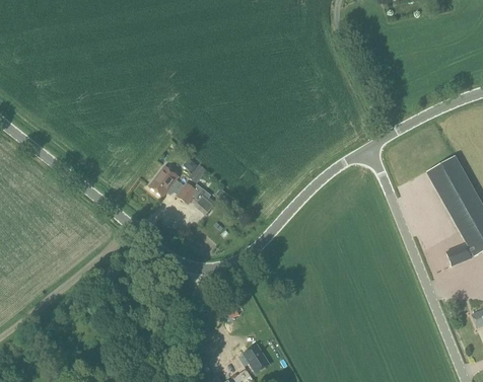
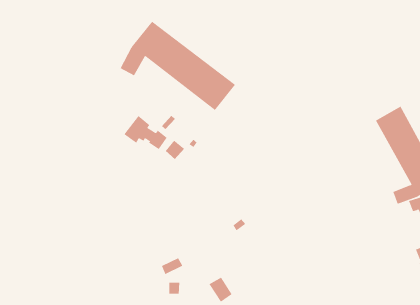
building: none -> [120,21,236,111]

